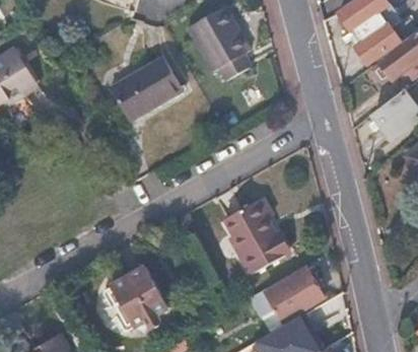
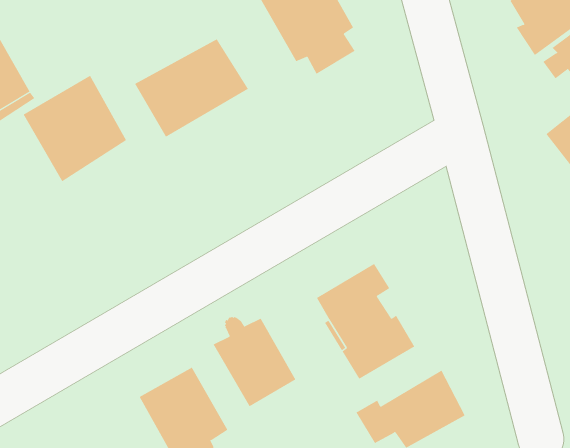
building: none -> [23,75,127,182]
building: none -> [213,316,296,407]

